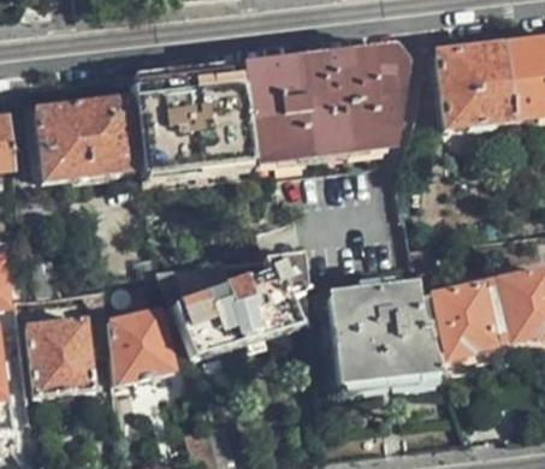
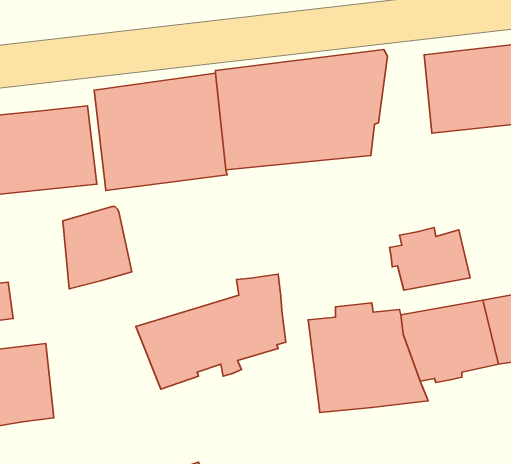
building: none -> [390,228,470,290]
building: [111,307,174,382] -> [63,206,132,289]

